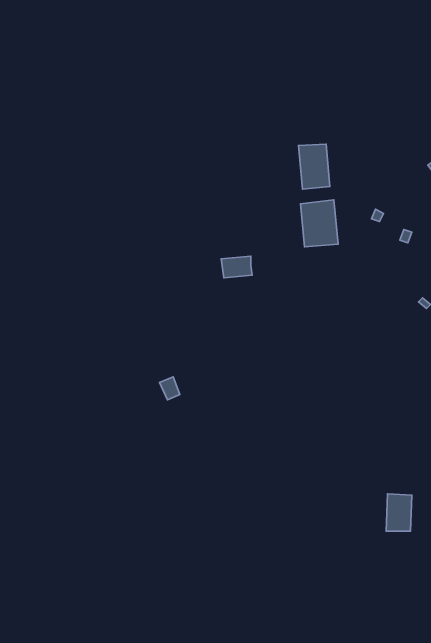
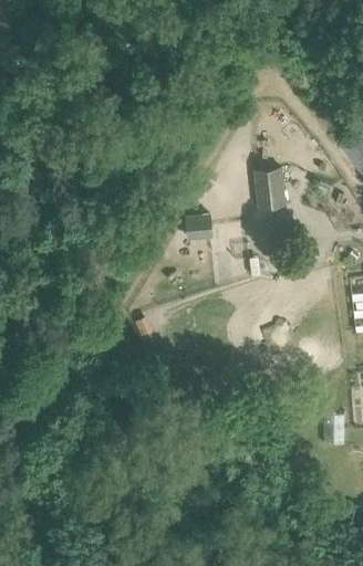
building: [298,144,330,189] -> none

